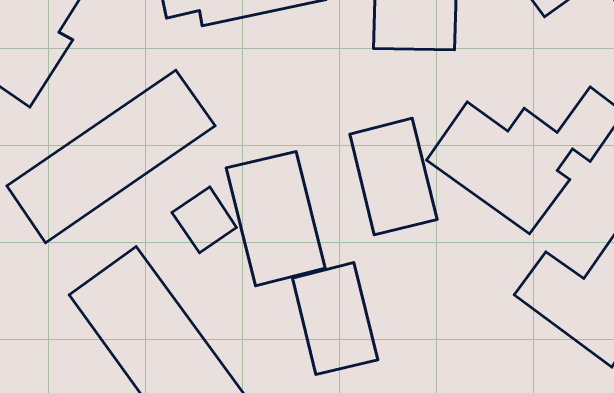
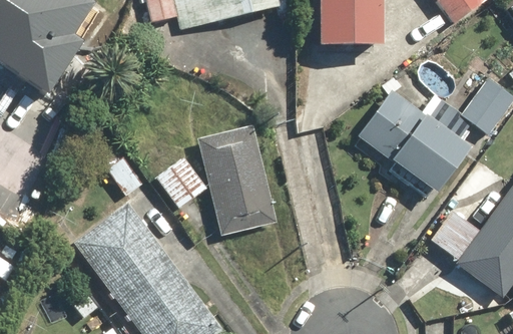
building: [7,70,215,243] -> none
building: [350,118,437,235] -> none
building: [292,262,378,375] -> none

